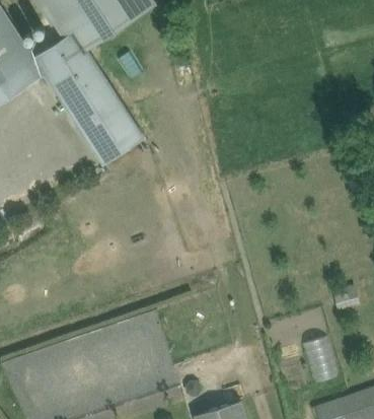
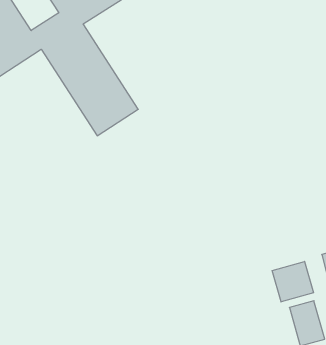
building: none -> [272,261,313,302]

